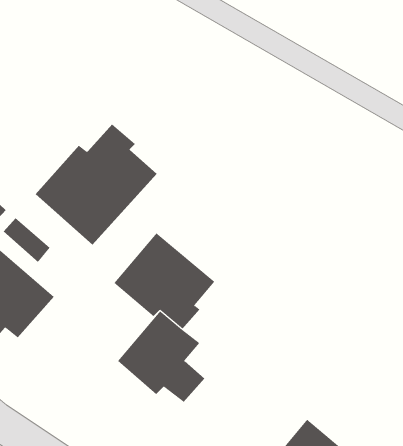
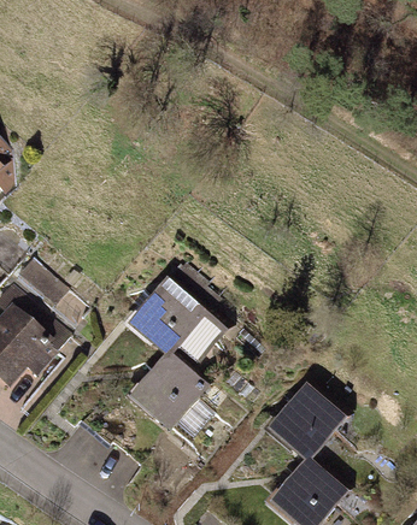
building: [35,124,157,245] -> none
building: none -> [268,378,347,460]

